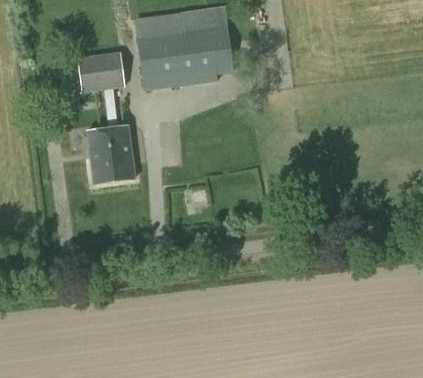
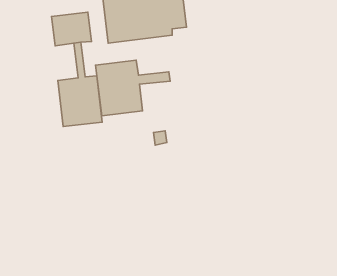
building: none -> [95,60,170,116]

